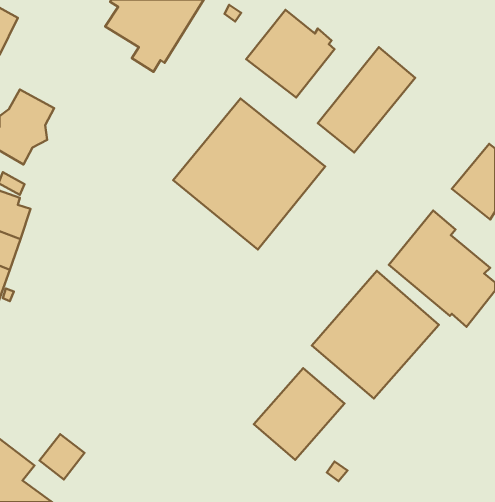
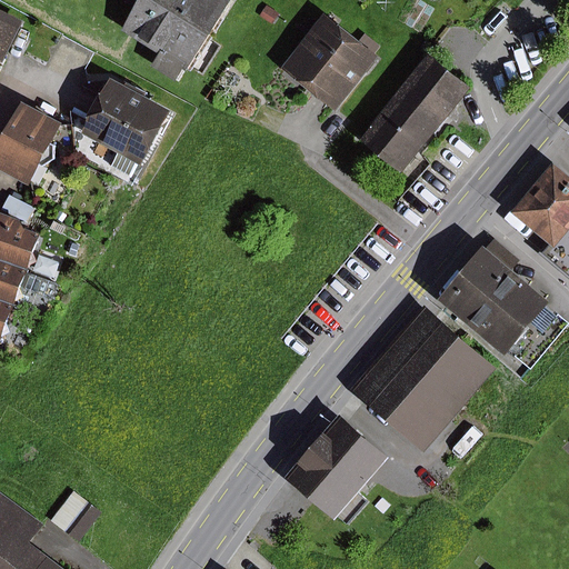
building: none -> [78,77,170,177]
building: [173,99,325,249] -> none

